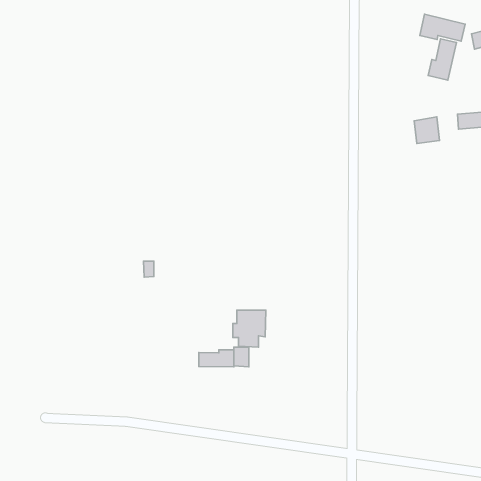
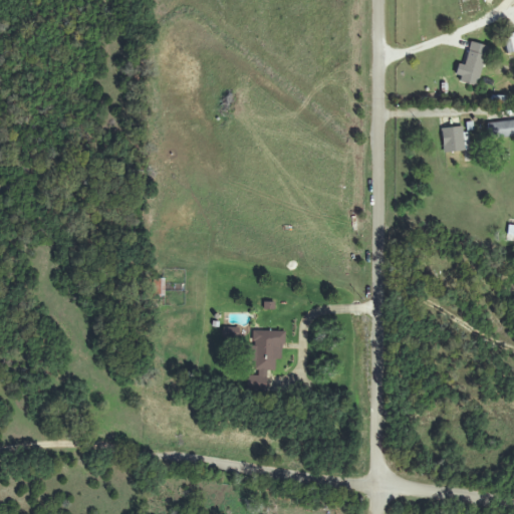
building: [420,14,465,41] -> none
building: [199,350,234,367] -> none

